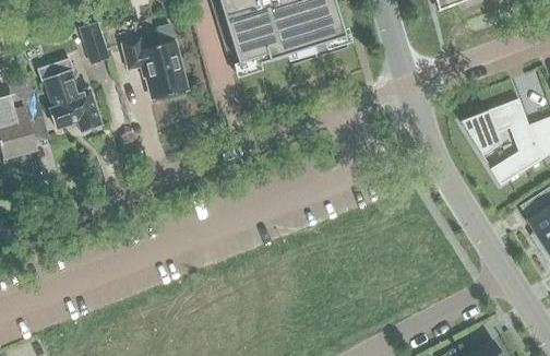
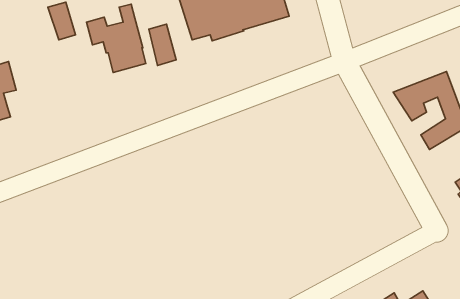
building: none -> [149,24,176,65]
building: [38,57,103,129] -> none

